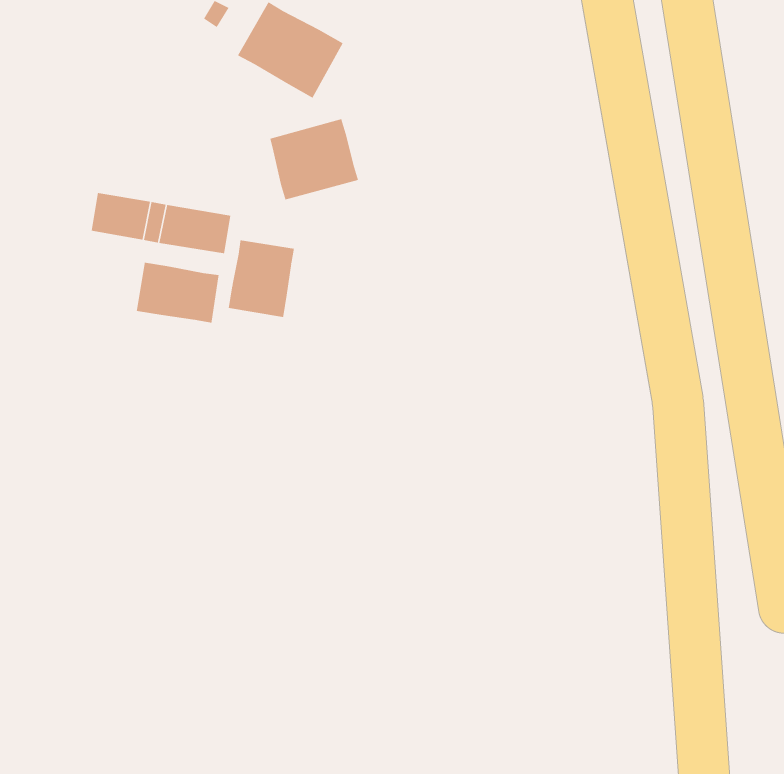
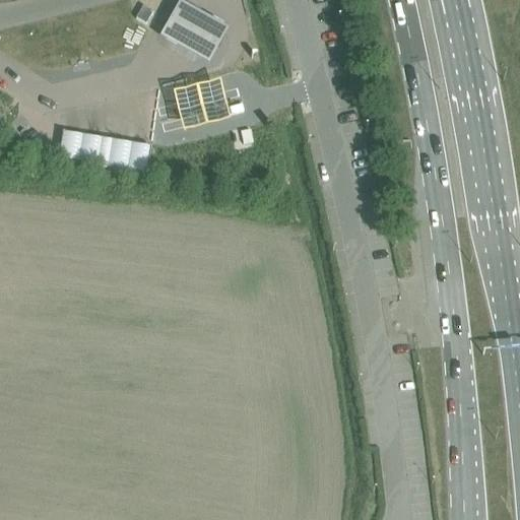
building: [228,240,294,318] -> none
building: [136,262,219,323] -> none

